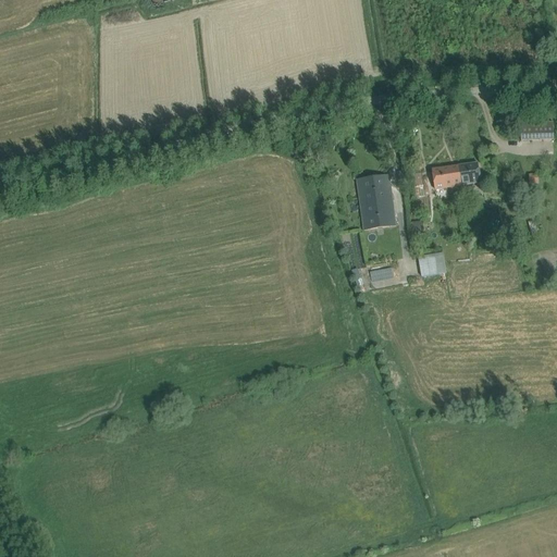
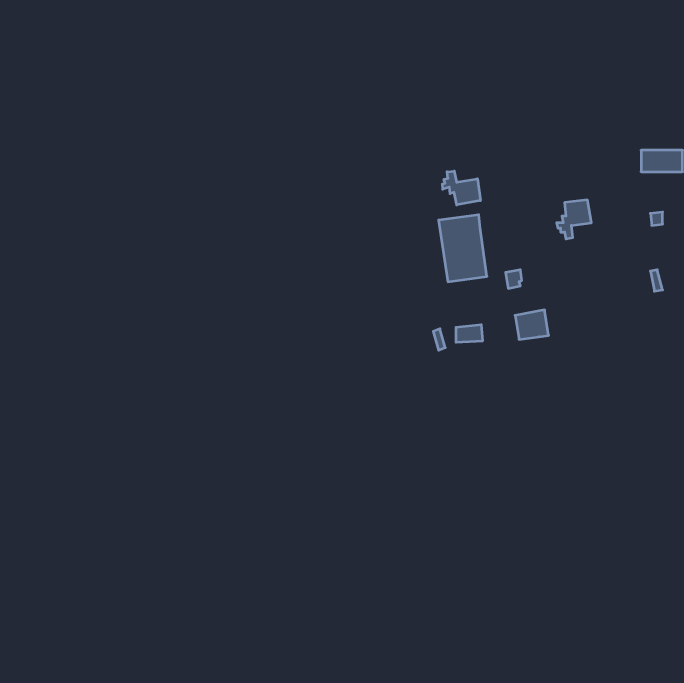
building: none -> [442,171,480,205]
building: [431,164,459,195] -> none

